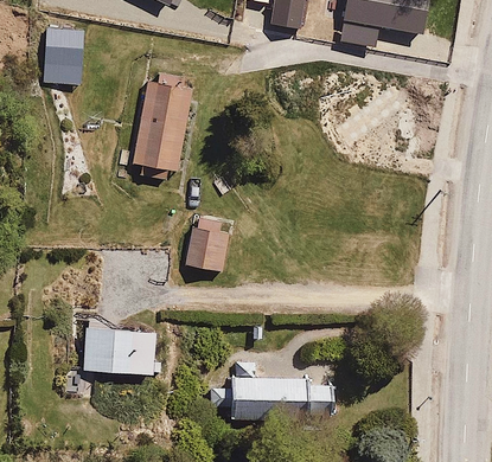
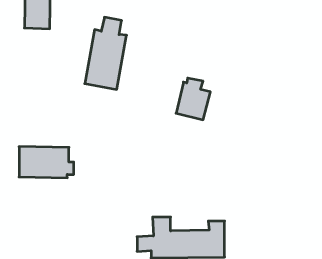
building: [183,216,232,276] -> [176,78,210,120]
building: [84,336,164,381] -> [19,147,74,178]

